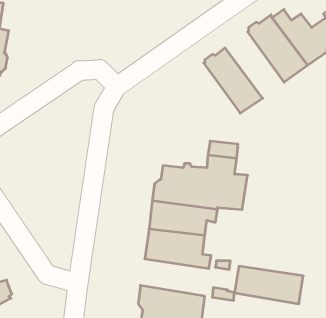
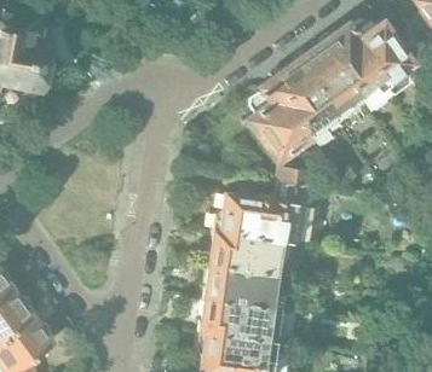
building: none -> [298,46,364,121]
building: none -> [252,81,315,163]
building: [235,266,303,304] -> [202,302,280,344]

